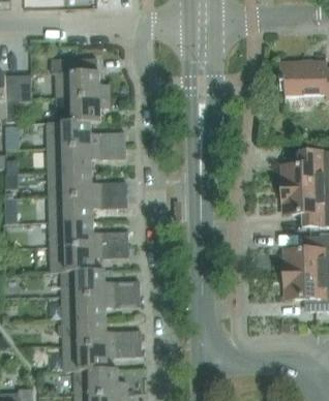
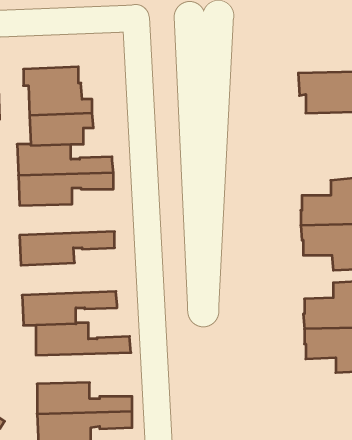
building: [48,172,126,197] -> none
building: [49,220,127,247] -> none
building: [61,295,140,320] -> none

